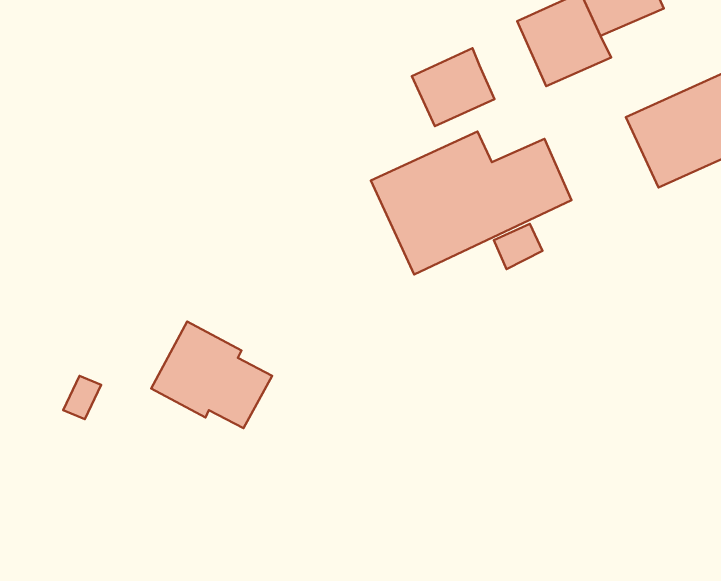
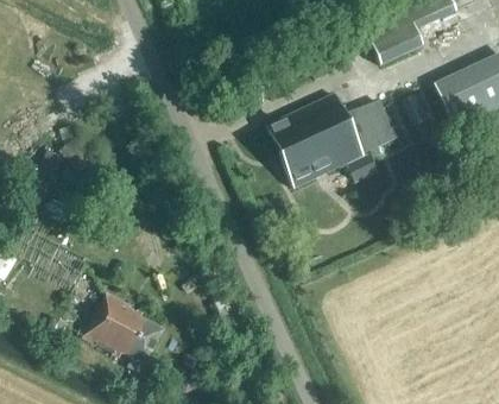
building: [412,48,494,126] -> none
building: [151,322,272,428] -> [84,292,164,362]

